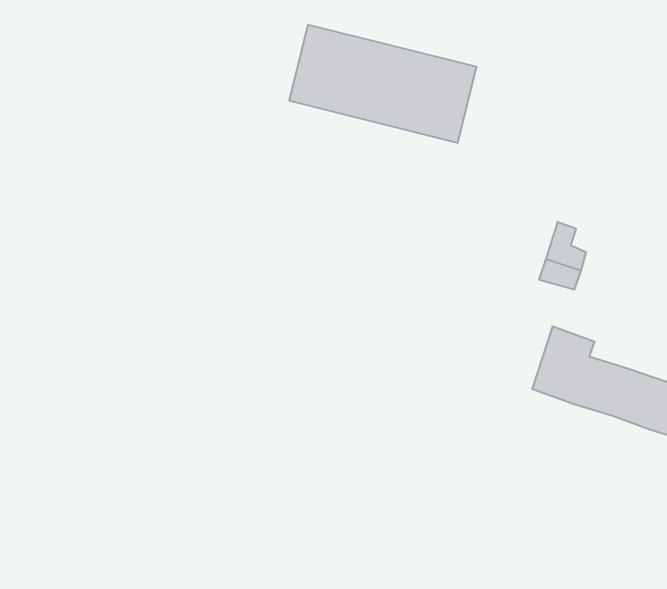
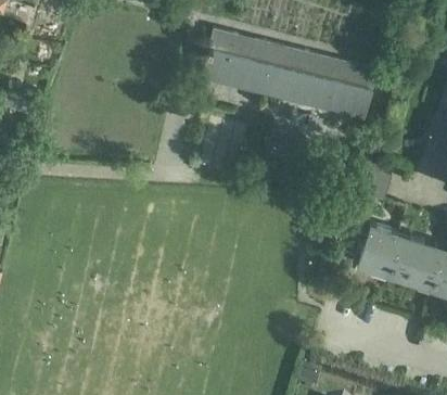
building: none -> [309,56,376,118]

